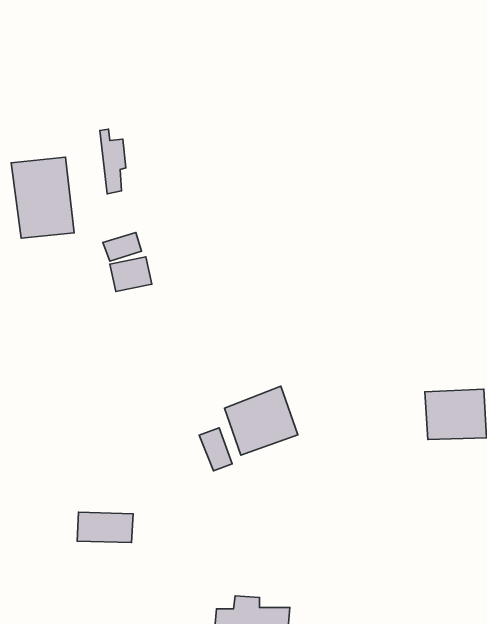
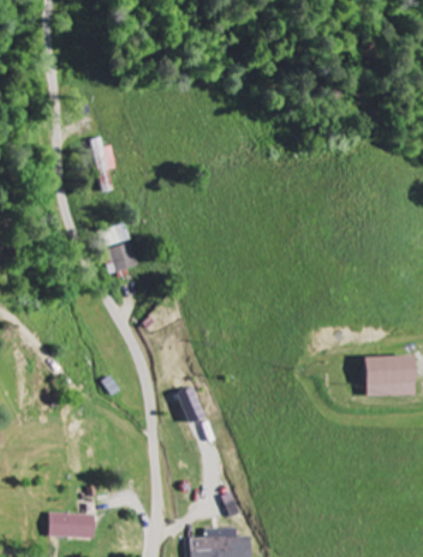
building: [11,157,74,238] -> none
building: [225,386,298,455] -> none
building: [77,512,133,542] -> [48,513,95,538]

